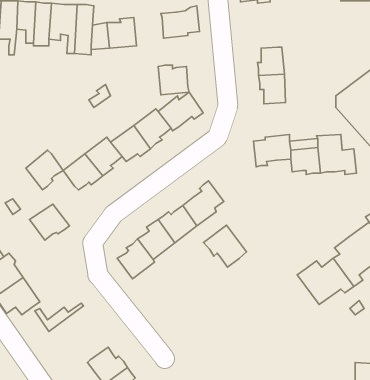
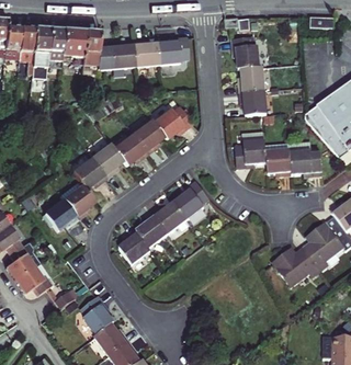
building: none -> [229,36,256,68]
building: [158,65,189,95] -> [133,41,159,66]
building: [26,150,63,190] -> [64,185,95,219]
building: [203,225,246,267] -> none
building: none -> [80,295,113,333]

